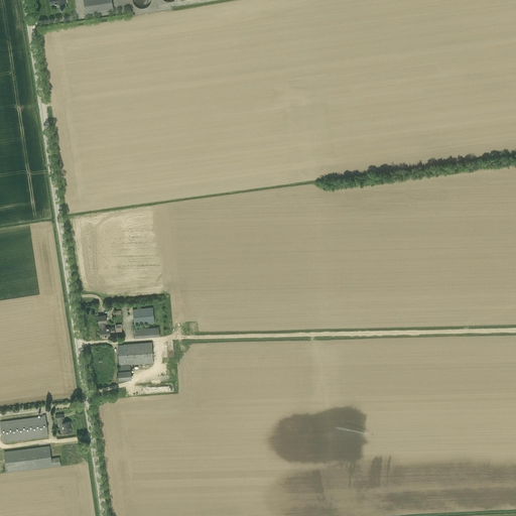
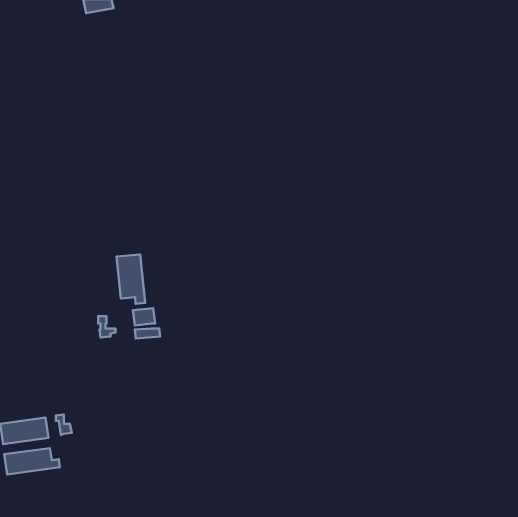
building: none -> [117,255,145,304]
building: [118,342,153,379] -> none

